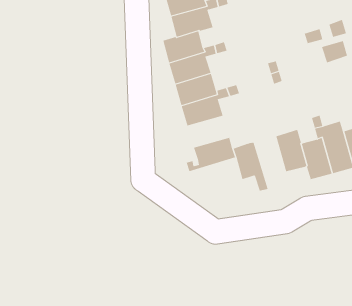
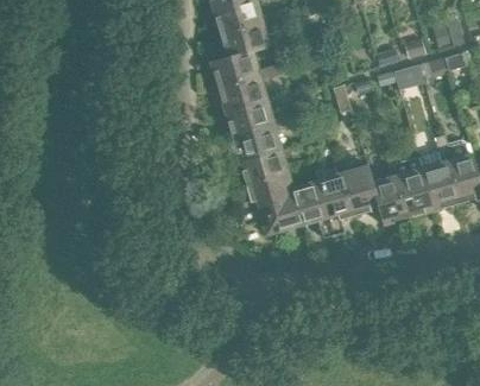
building: none -> [239,147,289,184]
building: none -> [317,171,354,233]
building: none -> [241,196,303,233]

